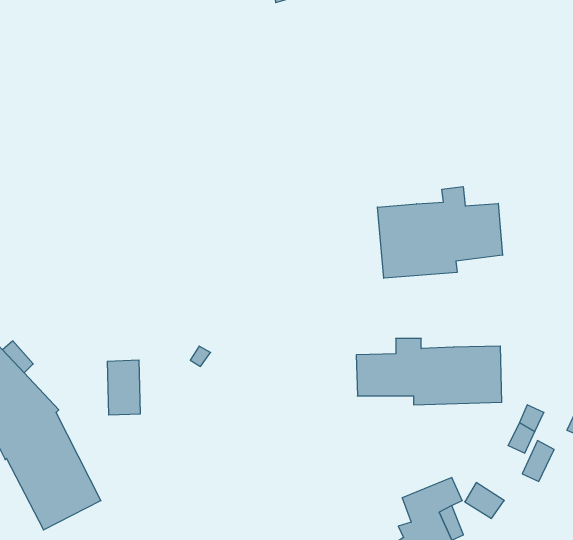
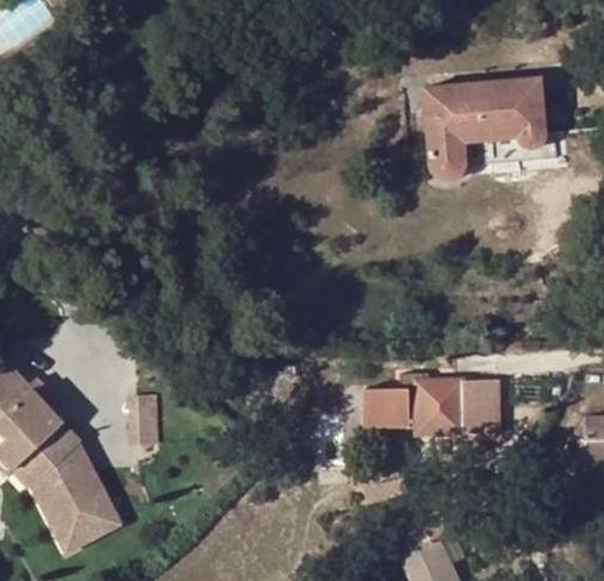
building: none -> [421,77,546,180]
building: [377,187,503,278] -> none

